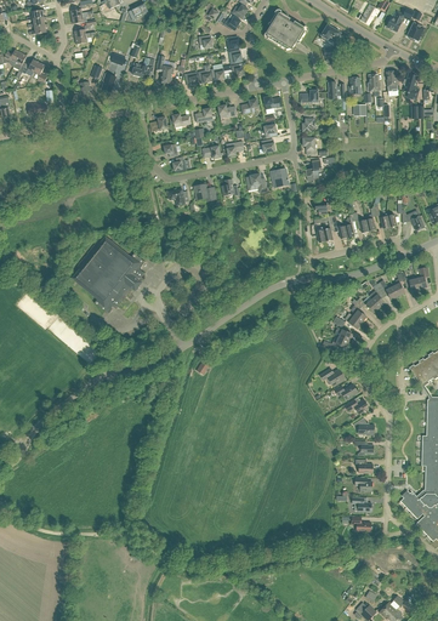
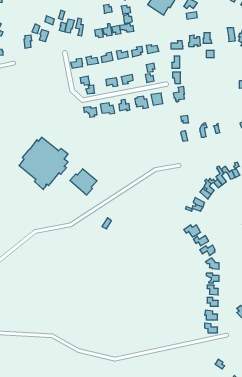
building: none -> [70,169,97,195]

